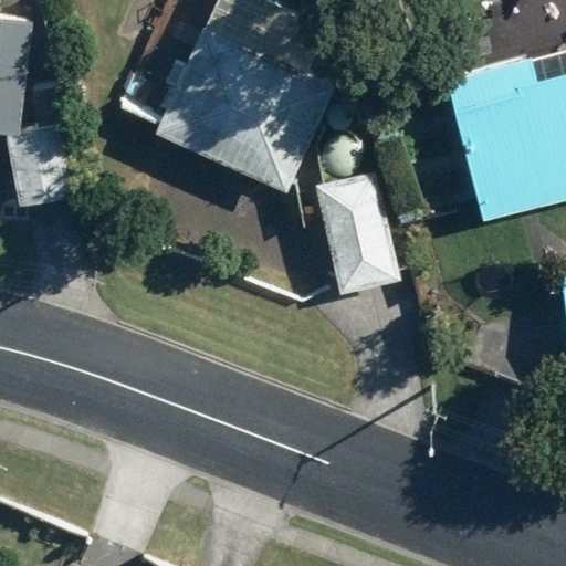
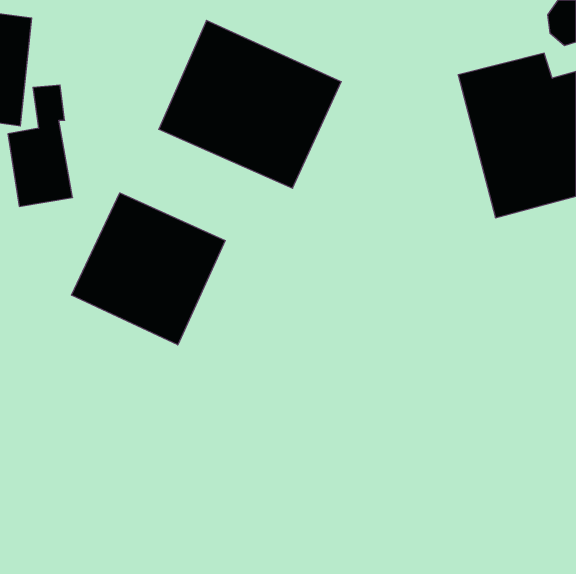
building: [315,171,399,294] -> none
building: none -> [72,193,225,345]

